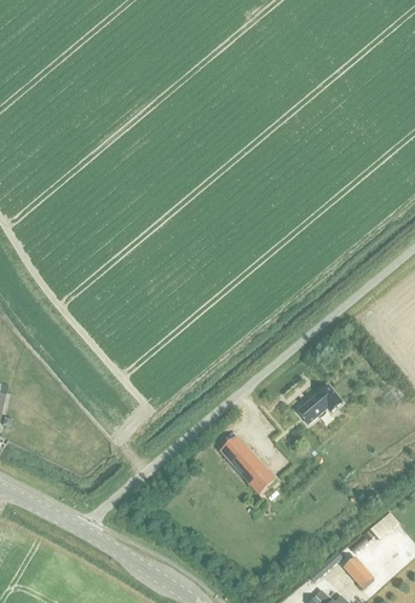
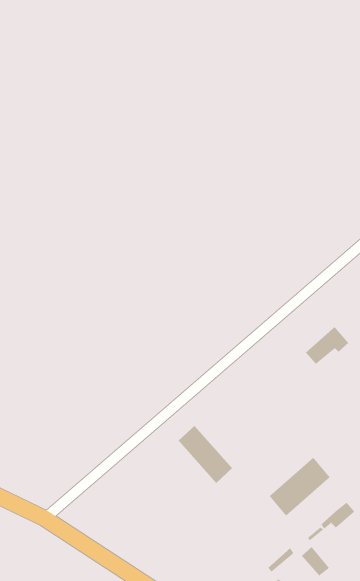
building: [298,384,342,423] -> [305,326,349,365]
building: none -> [269,457,331,516]

